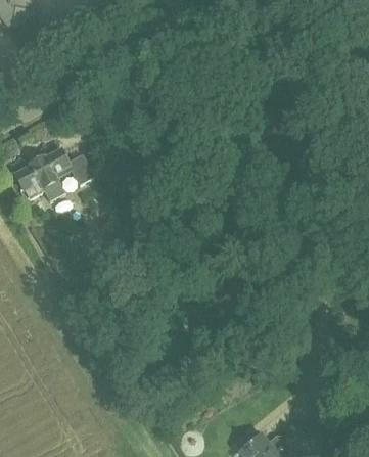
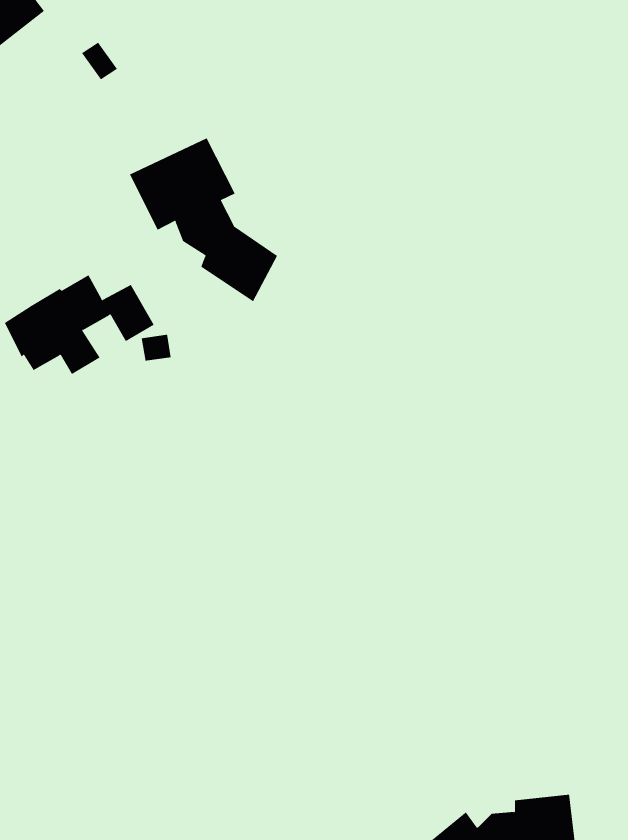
building: none -> [129,137,278,302]

